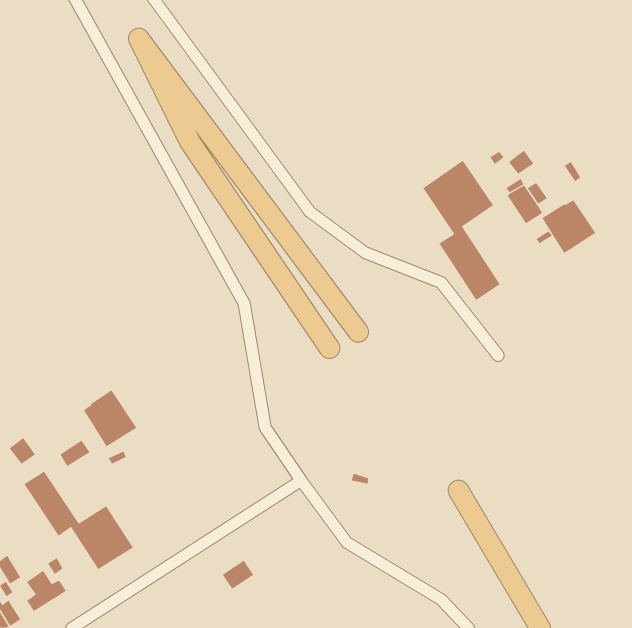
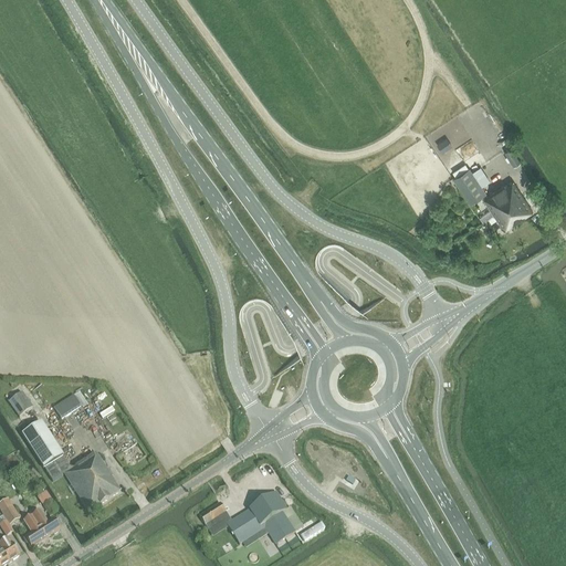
building: [422,160,500,301] -> none
building: [83,389,137,447] -> none
building: none -> [227,490,294,543]

